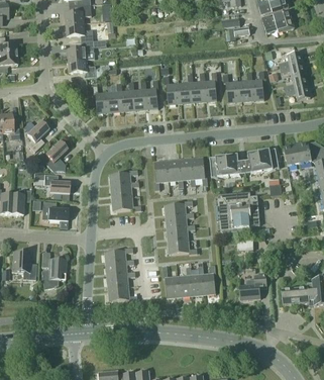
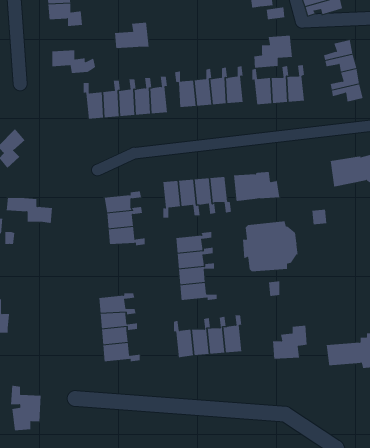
building: [67,40,94,61] -> [114,22,149,48]
building: none -> [254,35,293,68]
building: [43,140,67,174] -> none
building: [242,148,278,174] -> none
building: [40,201,67,221] -> none
building: [40,252,65,287] -> [10,385,42,431]

